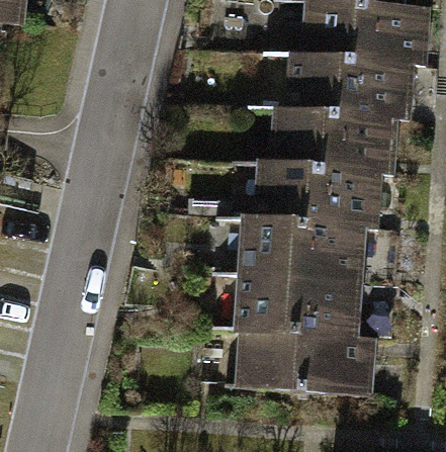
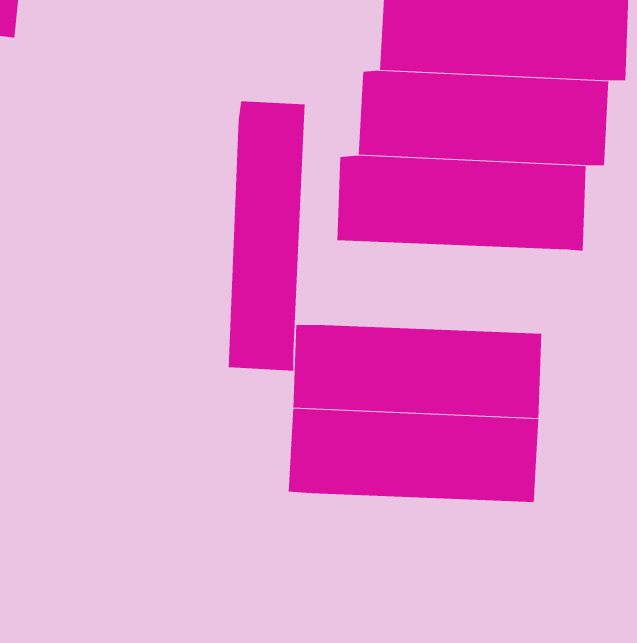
building: none -> [228,101,305,371]
building: [226,163,391,225] -> none
building: [218,331,385,394] -> none

